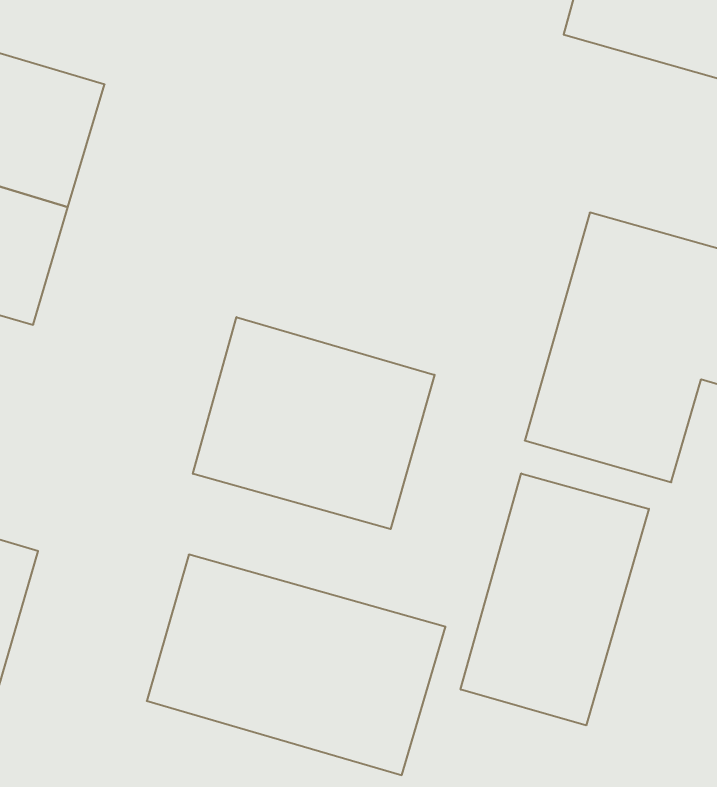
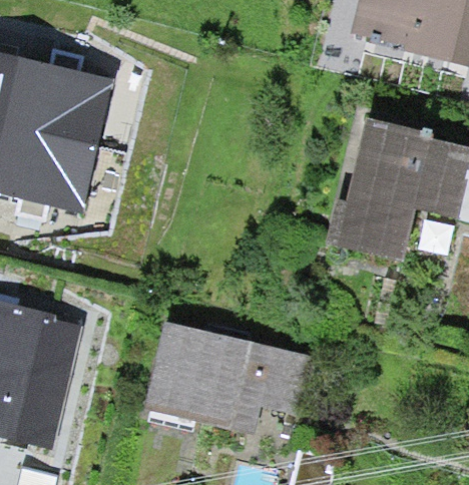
building: [193,317,435,529] -> none
building: [461,473,649,725] -> none

